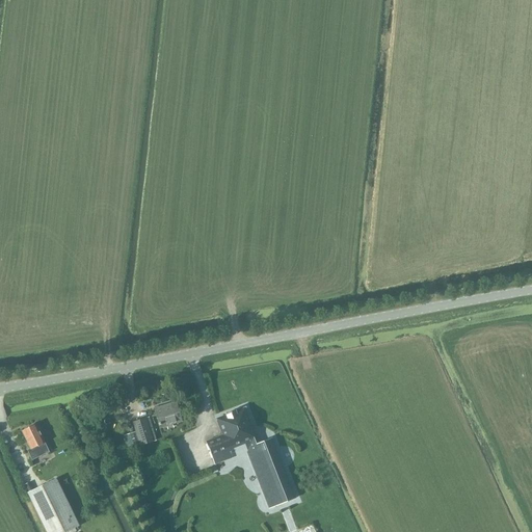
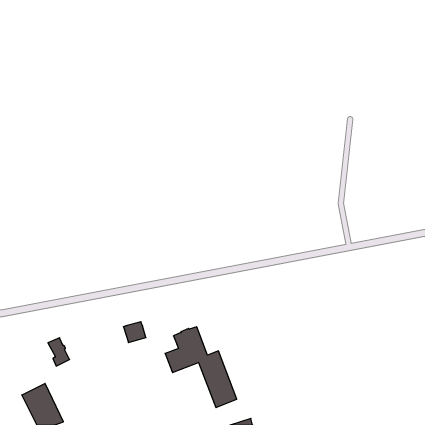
building: [128,416,158,448] -> none
building: [23,424,50,459] -> [48,338,70,366]

